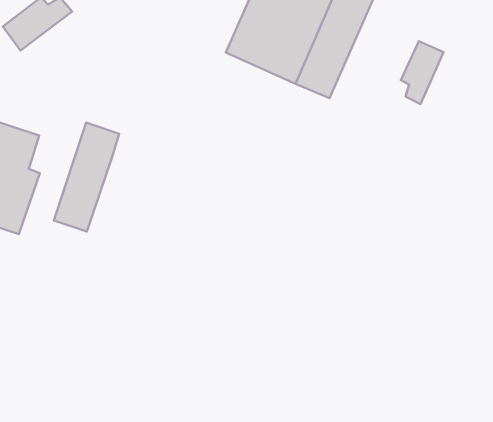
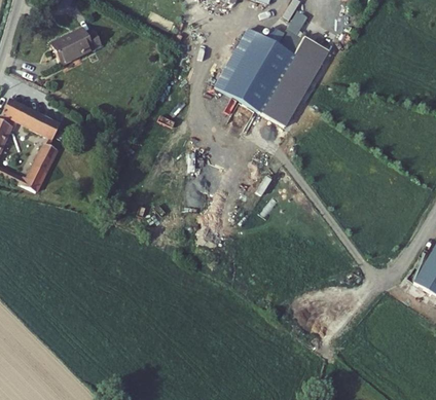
building: [401,41,444,104] -> none
building: [54,122,119,232] -> none

